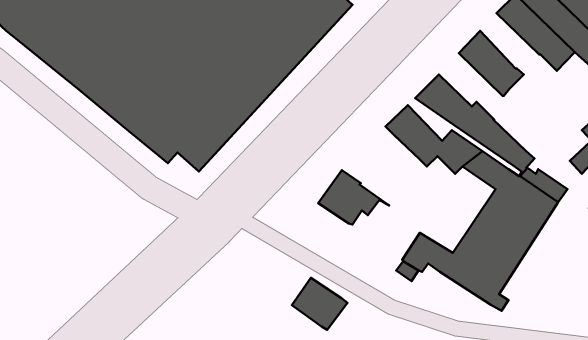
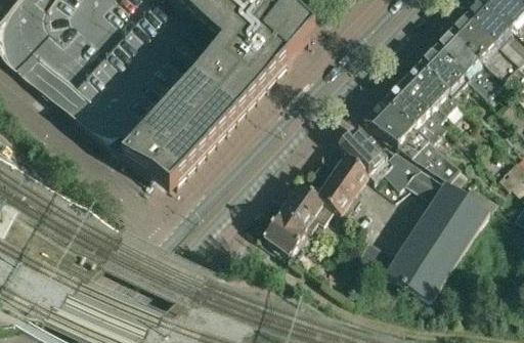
building: none -> [421,45,472,93]
building: none -> [385,80,447,137]
building: none -> [316,151,368,212]
building: [292,278,347,330] -> [264,210,312,255]

